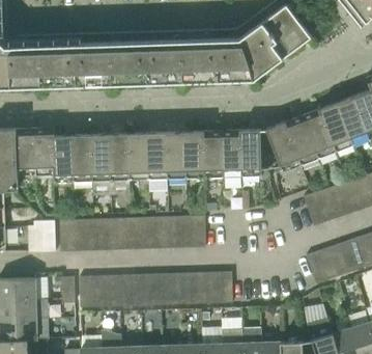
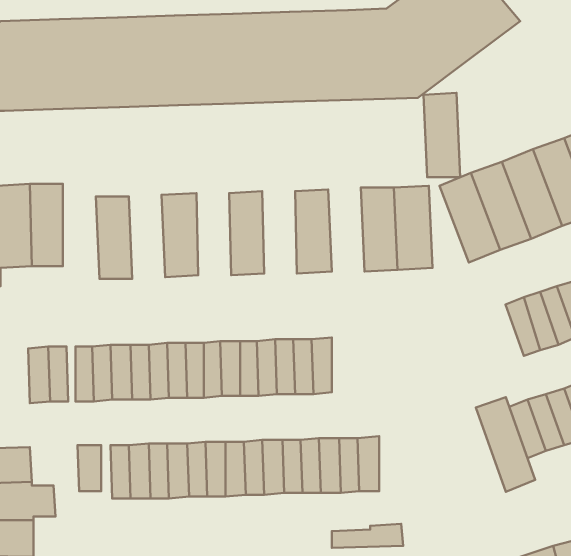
building: [53,127,74,183] -> none
building: [203,130,224,178] -> [423,93,460,177]
building: [166,132,185,179] -> none
building: [128,133,148,180] -> none
building: [90,134,111,182] -> none
building: none -> [476,397,535,492]

